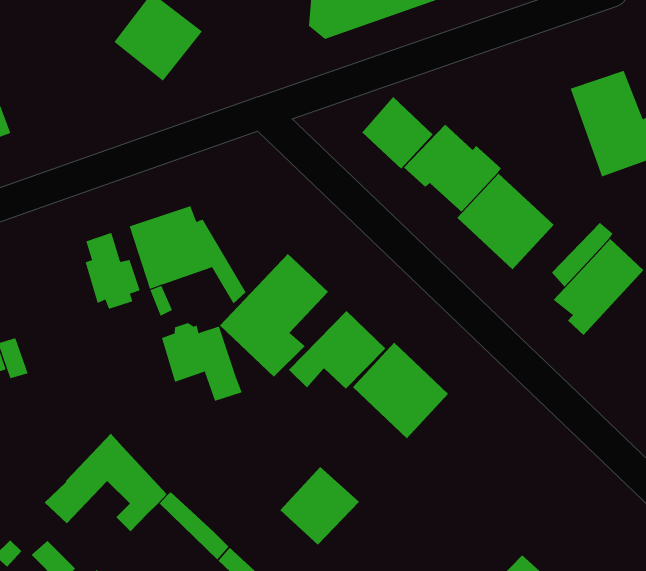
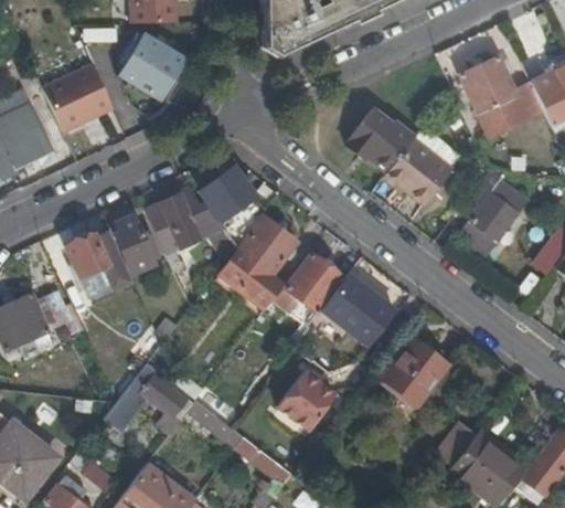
building: none -> [42,66,111,130]
building: [361,96,434,169] -> none
building: none -> [200,168,253,220]
building: [161,323,243,402] -> [66,232,130,288]
building: none -> [384,339,448,405]

